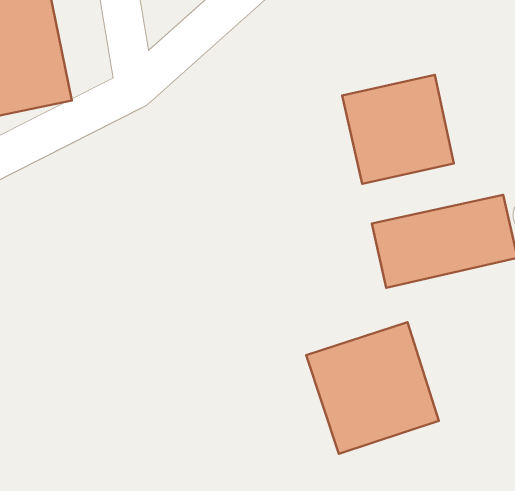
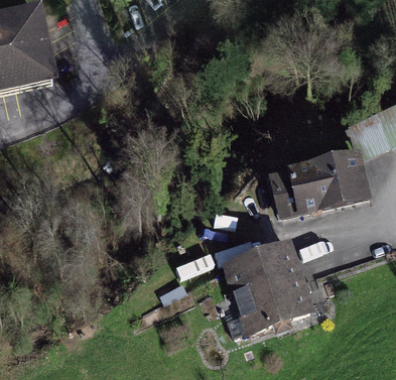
building: [342,75,454,184] -> none

